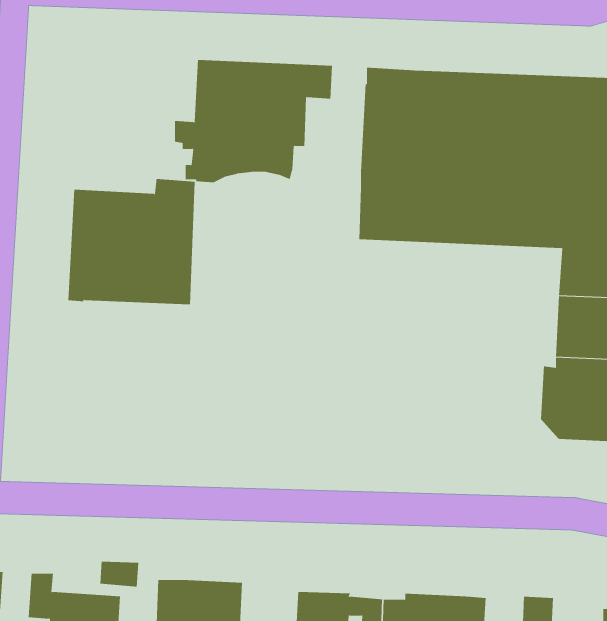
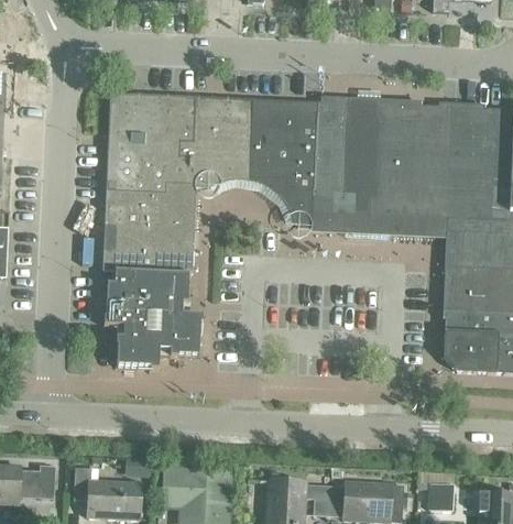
building: none -> [106,92,195,193]
building: none -> [262,100,317,226]
building: none -> [103,270,201,368]

